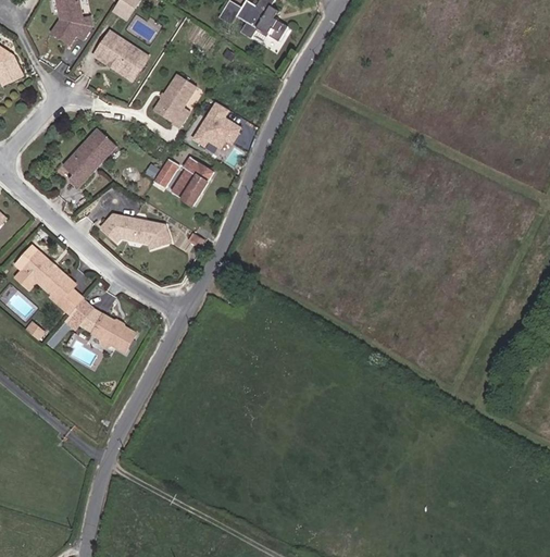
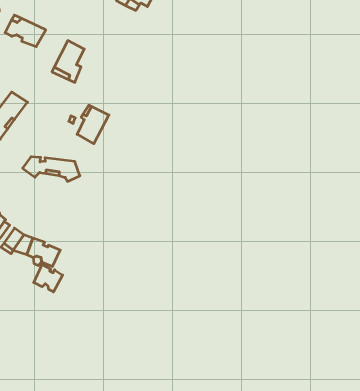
building: [191,99,241,146] -> none
building: none -> [34,264,63,292]

